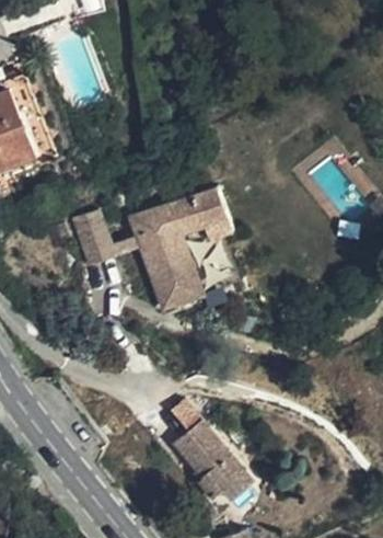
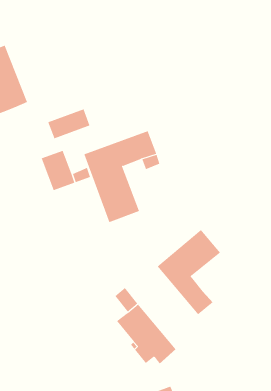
building: none -> [48,108,90,139]
building: none -> [157,229,221,315]

